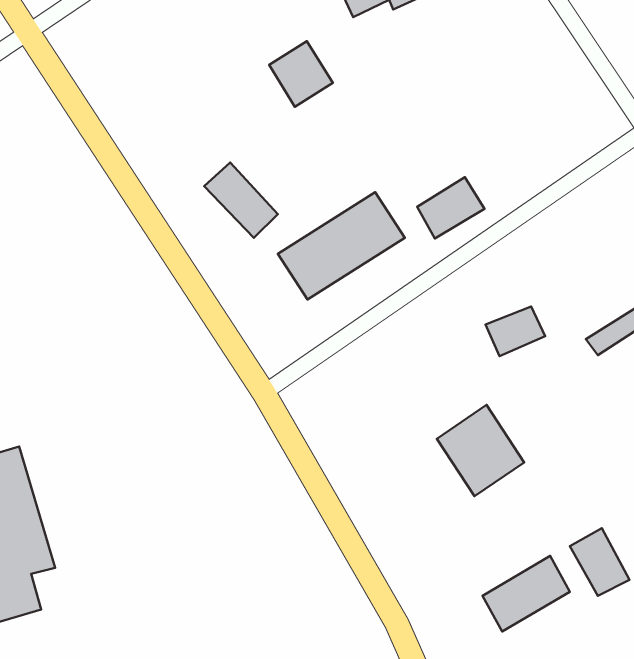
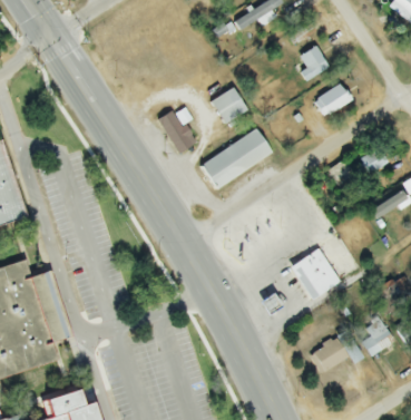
building: [269,41,333,107] -> [212,87,247,124]
building: none -> [299,46,330,77]
building: [417,177,485,239] -> [314,82,352,117]
building: [485,306,545,356] -> [354,148,388,176]

